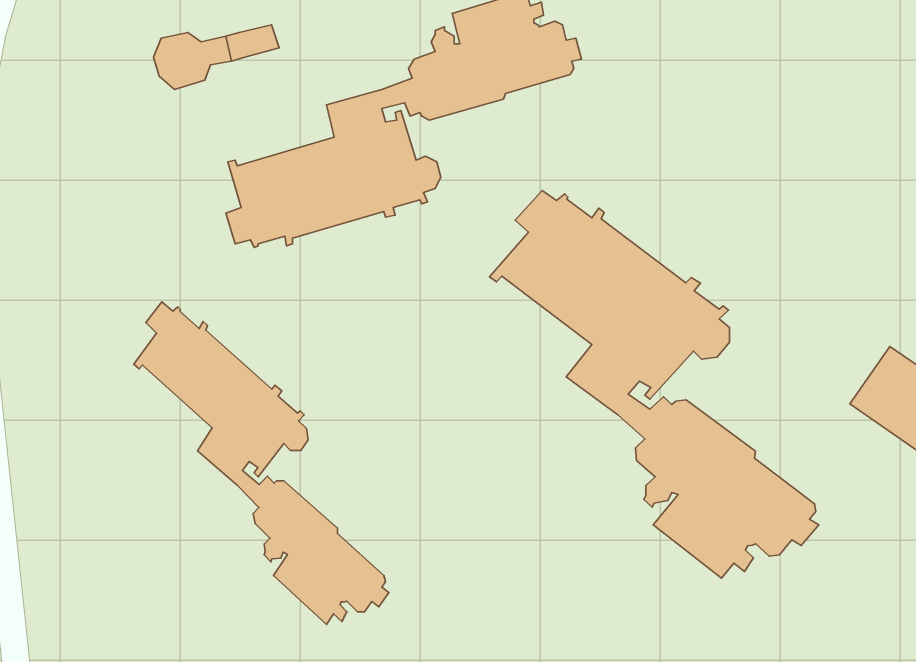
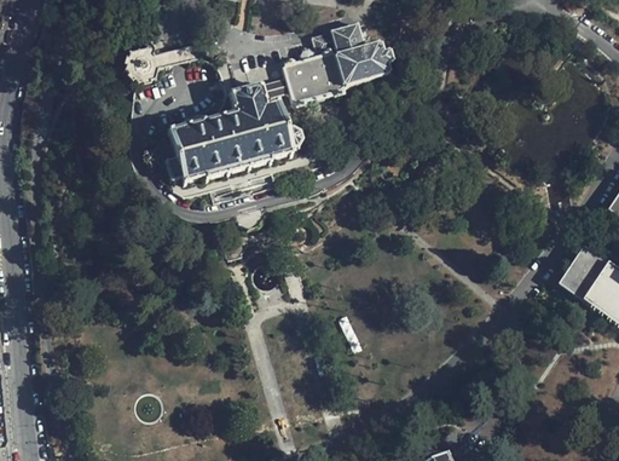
building: [489,191,819,578] -> none
building: [134,302,389,624] -> none

